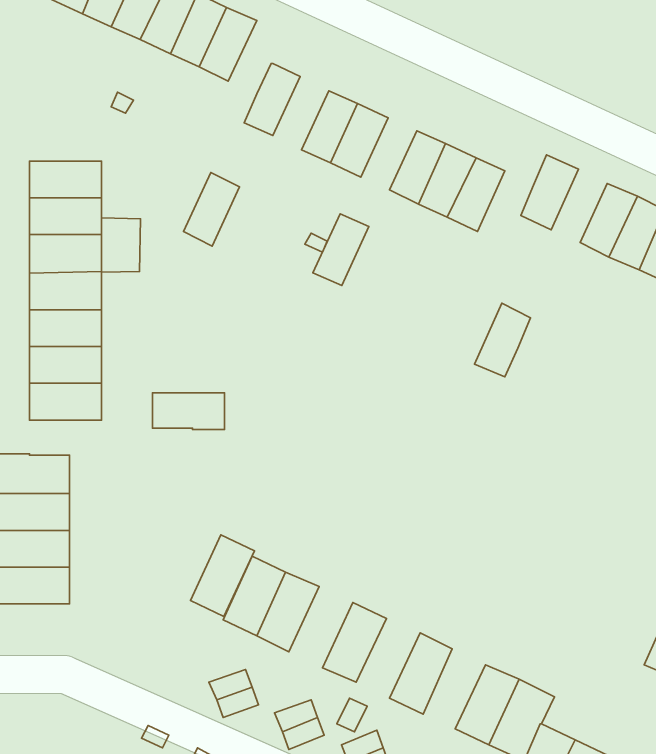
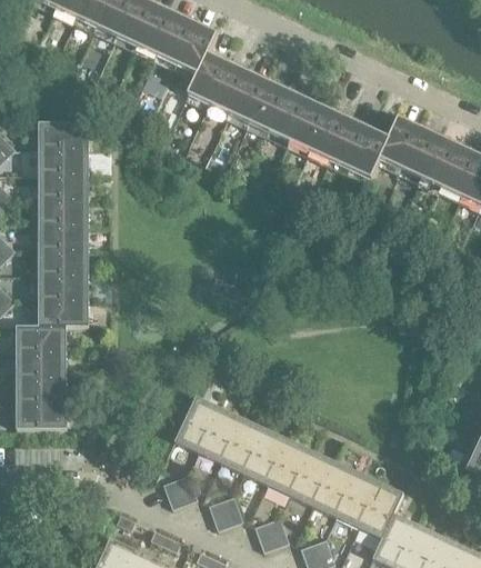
building: none -> [176,23,217,74]
building: none -> [400,127,439,178]
building: [184,172,240,246] -> [207,62,245,113]
building: [313,214,369,286] -> [268,91,307,141]
building: [102,218,140,272] -> none
building: [474,303,530,377] -> [349,128,388,179]
building: [153,393,225,430] -> [38,301,88,327]
building: [190,535,254,617] -> [218,417,262,474]
building: none -> [264,439,309,495]
building: none -> [311,460,354,516]

